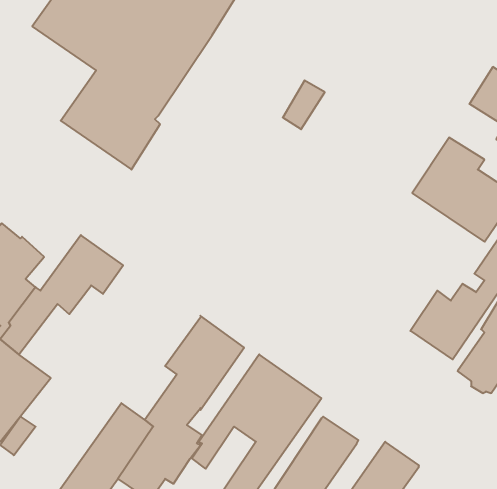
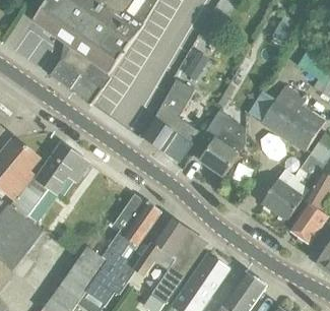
building: none -> [144,79,199,161]
building: none -> [197,111,246,176]

